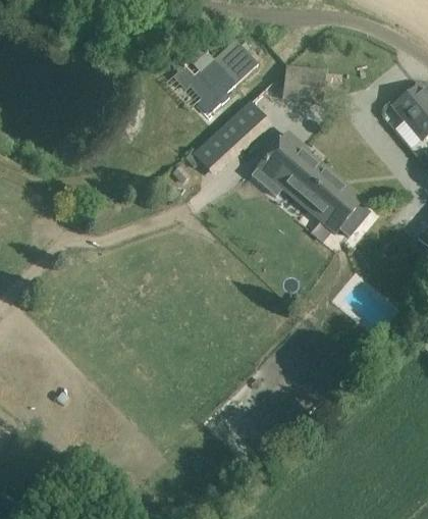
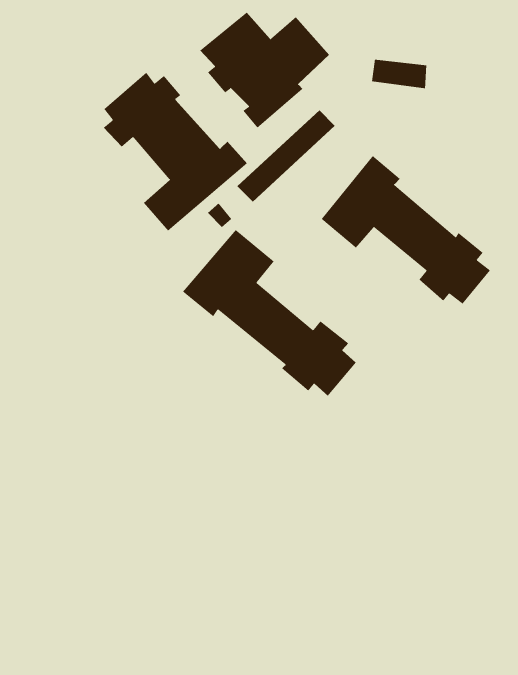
building: none -> [103,72,248,232]
building: none -> [182,229,357,396]

